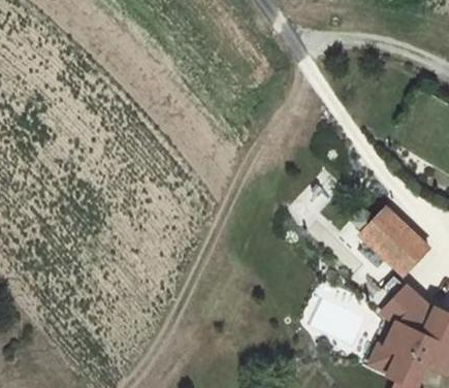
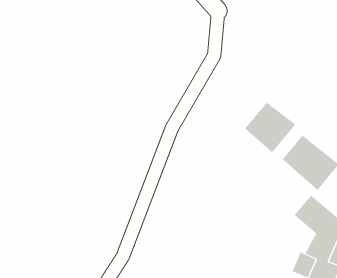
building: none -> [244,102,296,153]

